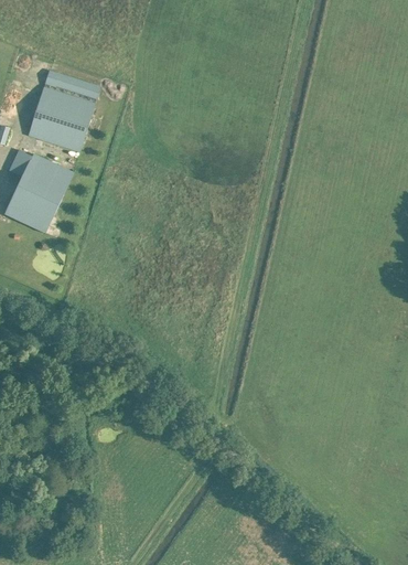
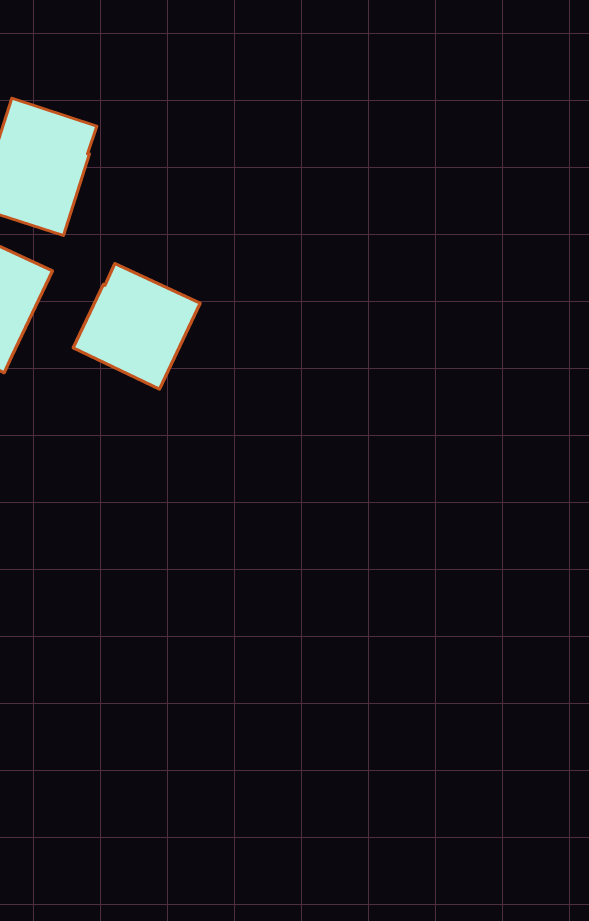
building: none -> [73,263,200,389]

